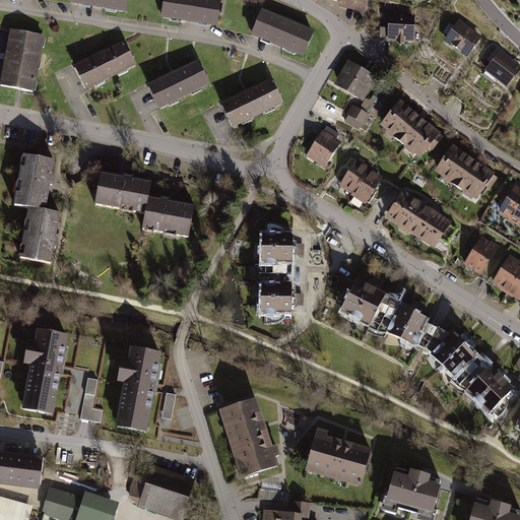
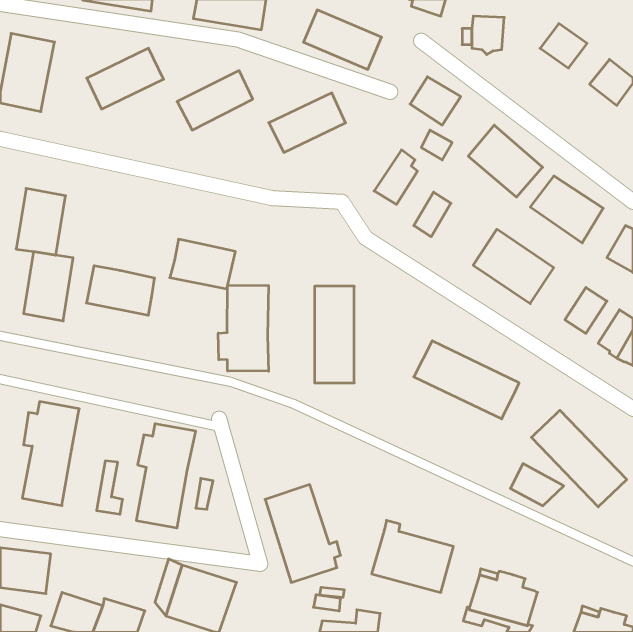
building: [353,167,384,202] -> none
building: [92,173,148,213] -> [86,266,155,315]
building: none -> [218,285,269,371]
building: [412,321,456,355] -> [510,464,564,506]

